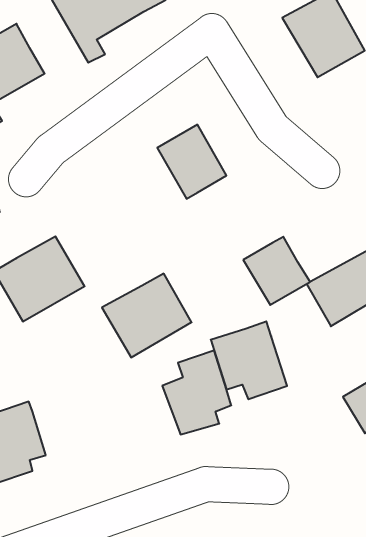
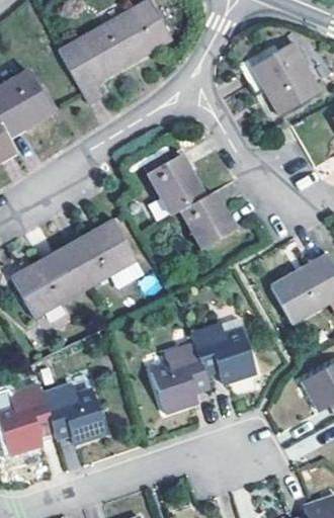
building: [243,237,310,305] -> [180,191,236,248]
building: [102,274,192,357] -> [62,219,137,288]
building: none -> [43,383,107,443]

